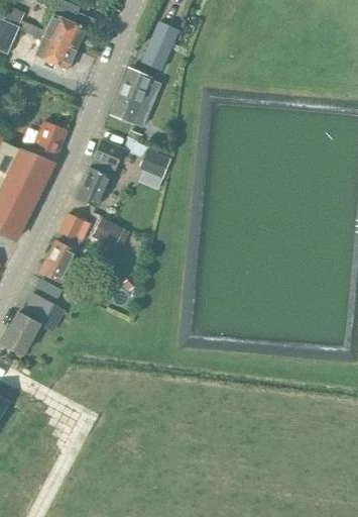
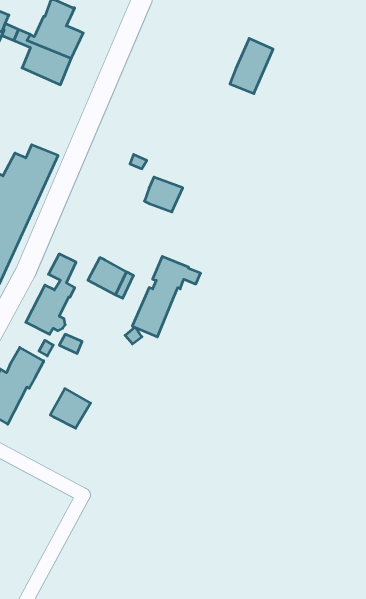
building: [142,22,178,69] -> [230,38,273,94]
building: [111,69,152,123] -> none
building: [76,140,133,208] -> [132,256,201,337]
building: none -> [50,389,91,428]

